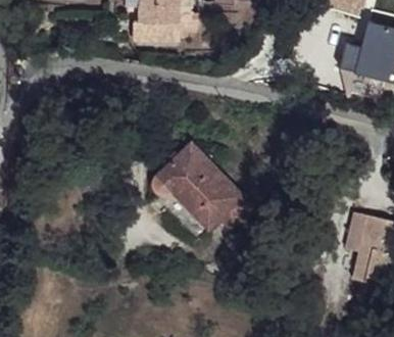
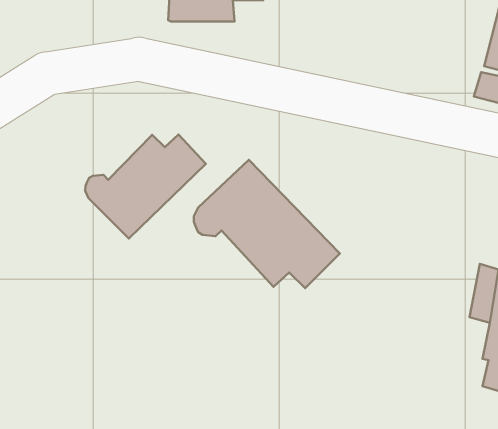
building: none -> [85,135,206,238]

